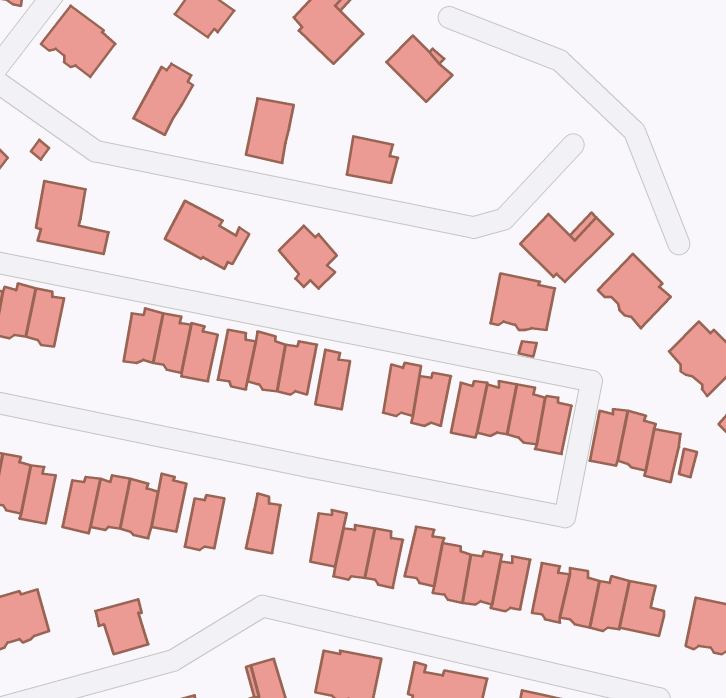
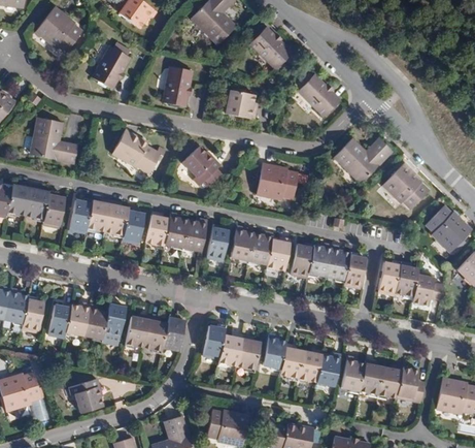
building: none -> [298,74,340,116]
building: [490,274,555,330] -> [257,163,297,198]
building: none -> [42,190,65,227]
building: none -> [69,197,93,232]
building: none -> [230,226,253,262]
building: none -> [143,316,168,353]

